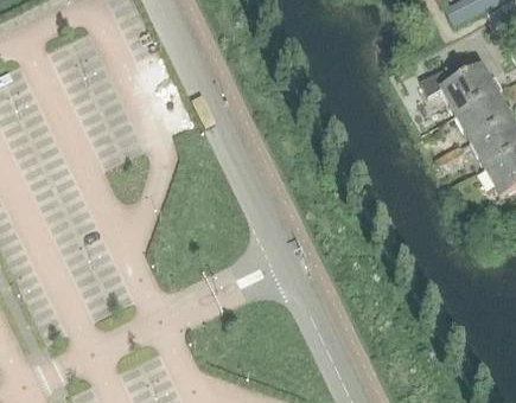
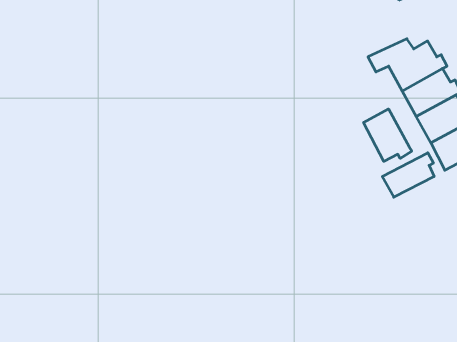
building: none -> [364,109,412,161]
building: none -> [382,153,434,197]

